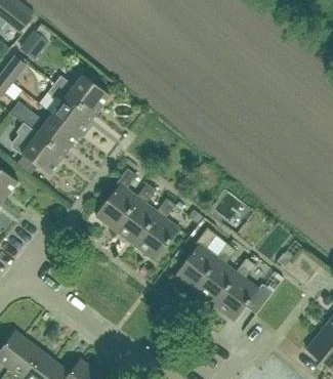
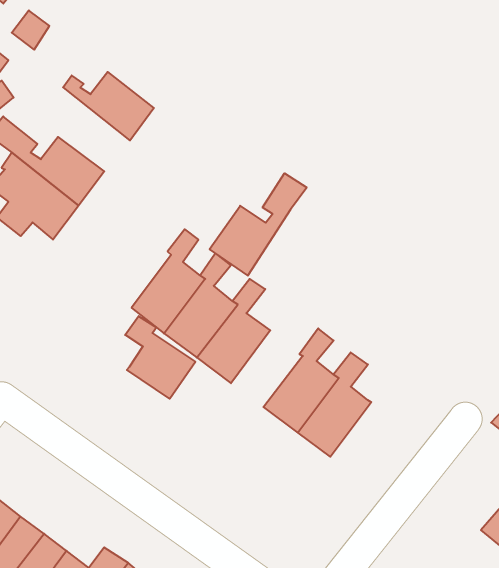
building: [47,84,94,134] -> none
building: none -> [210,173,307,276]
building: none -> [125,316,195,399]
building: [214,258,272,321] -> none

